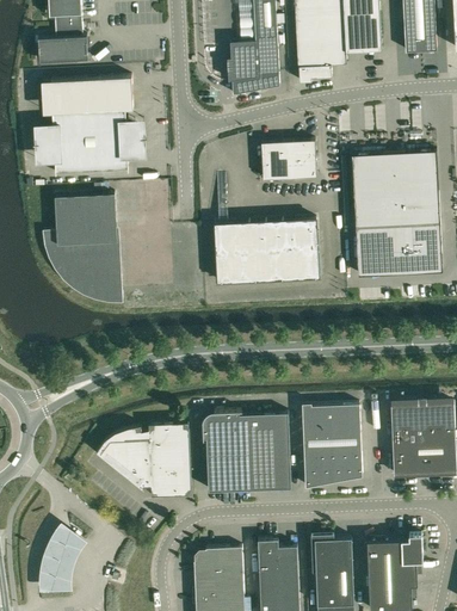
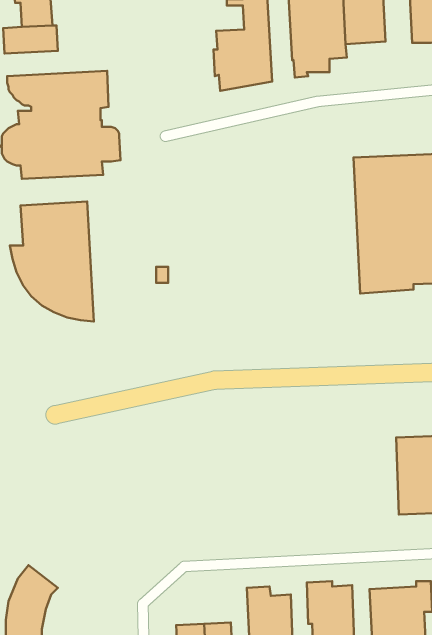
building: [260,141,316,180] -> none
building: [215,220,319,283] -> none
building: [302,405,362,488] -> none
building: [202,412,290,492] -> none
building: [95,422,190,496] -> none
building: [193,548,242,574] -> none

